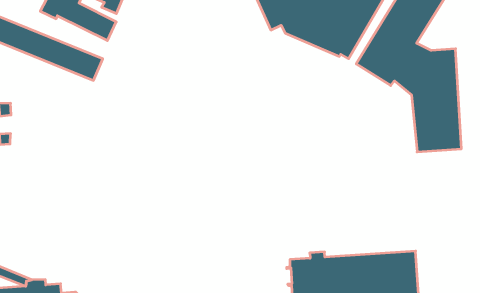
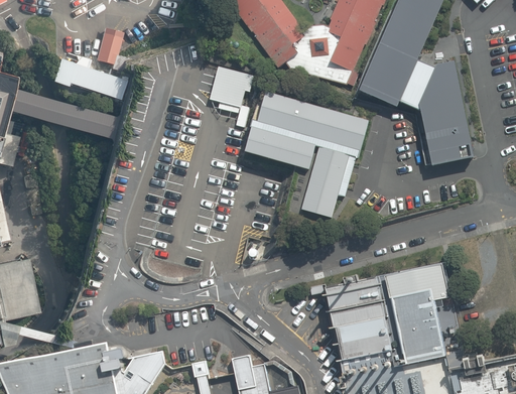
building: none -> [209,65,253,107]
building: none -> [245,91,368,217]

